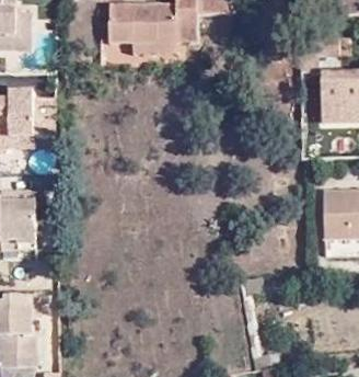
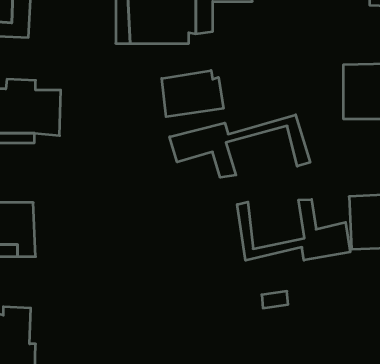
building: none -> [162,70,223,117]
building: none -> [170,115,310,177]
building: none -> [237,199,350,260]

